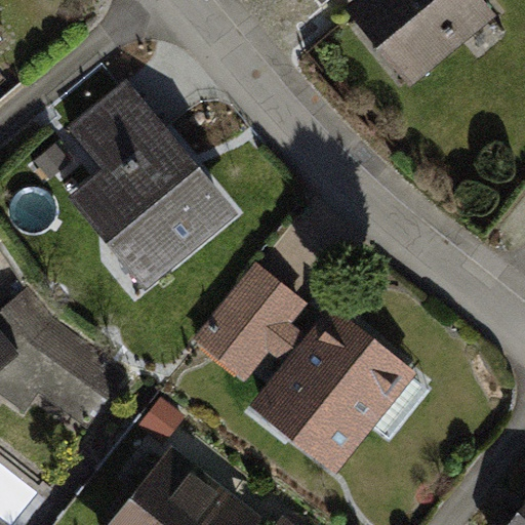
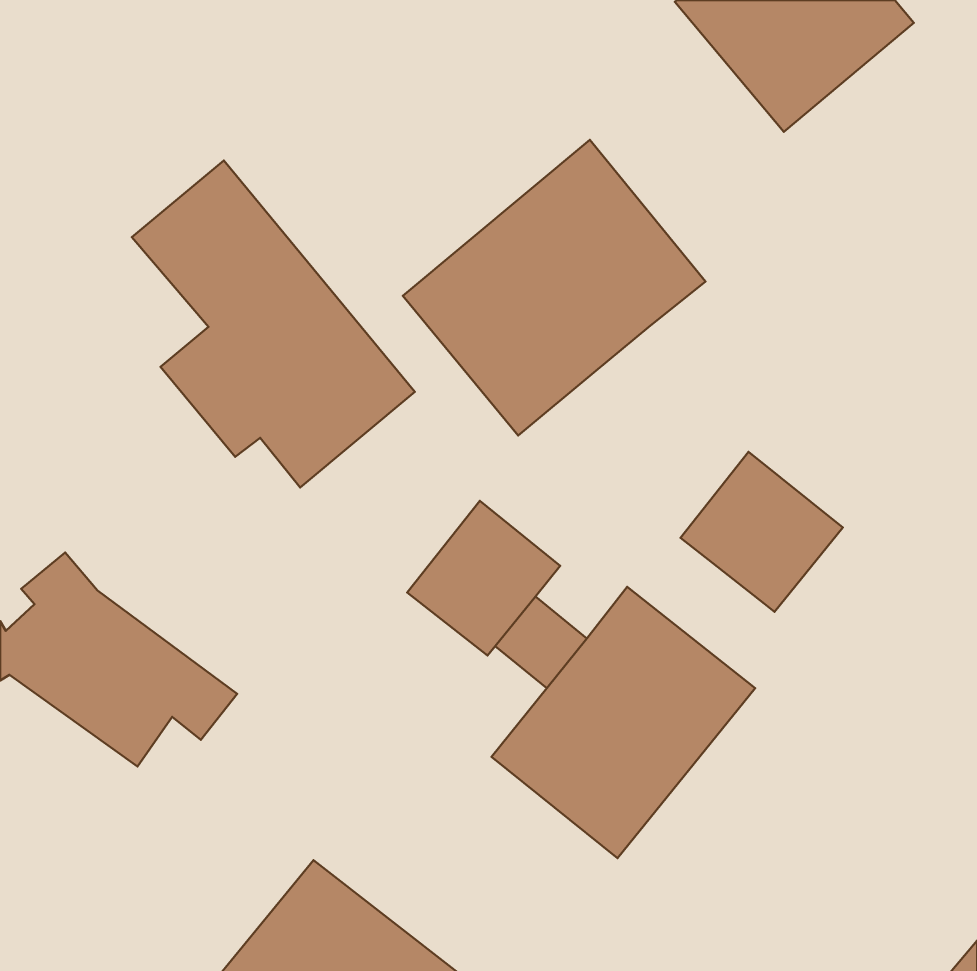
building: none -> [403,140,705,435]
building: none -> [681,452,843,612]

